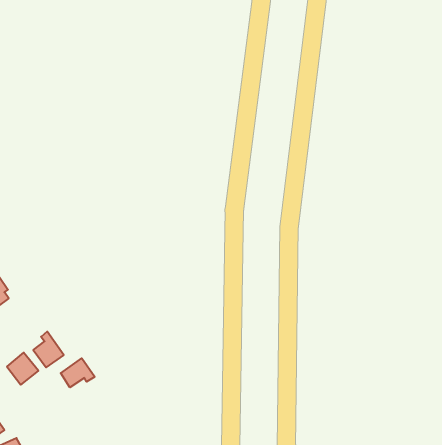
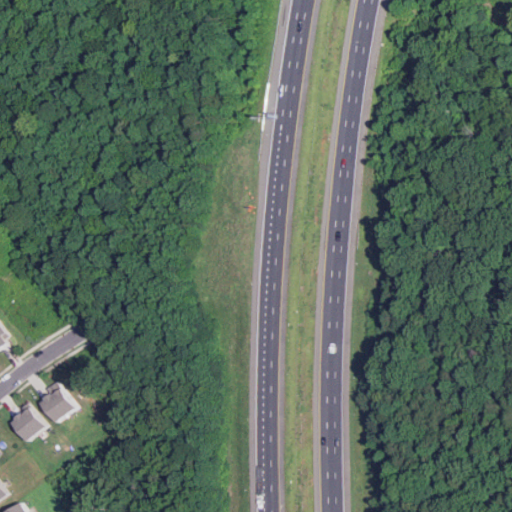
building: [61,358,95,387] -> none

